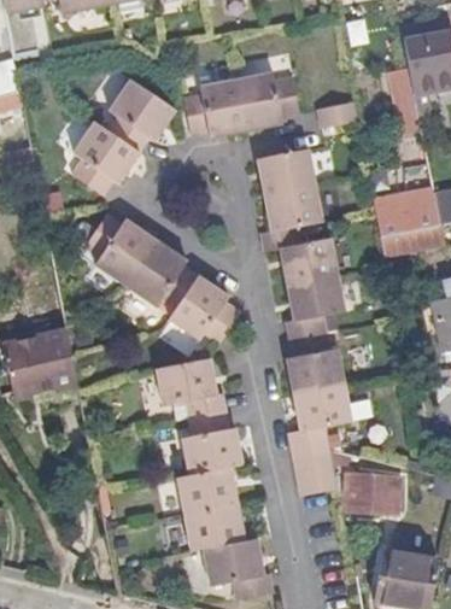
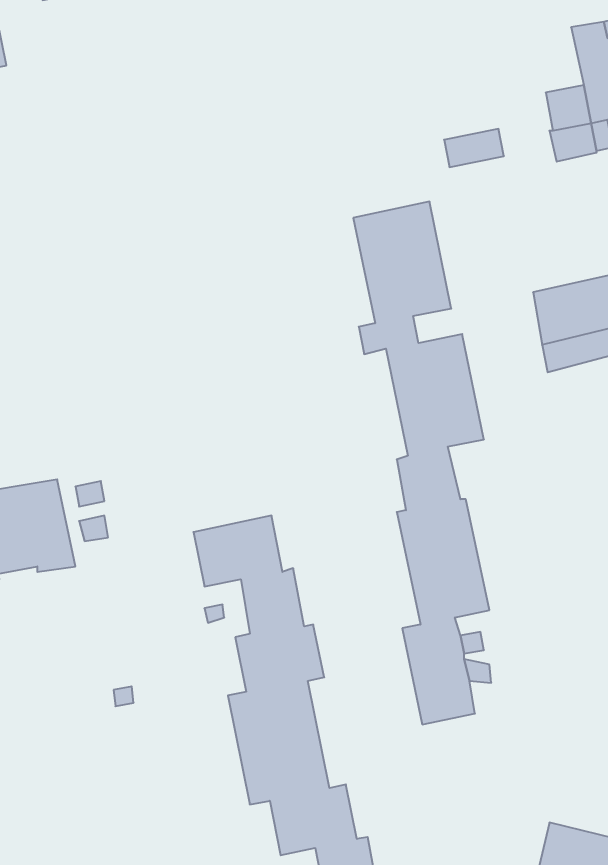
building: [182,69,299,133] -> none
building: [69,75,174,191] -> none
building: [81,211,235,341] -> none
building: [345,476,404,523] -> none

